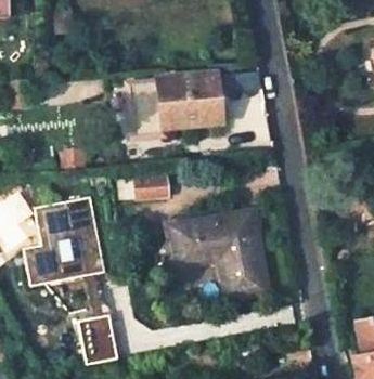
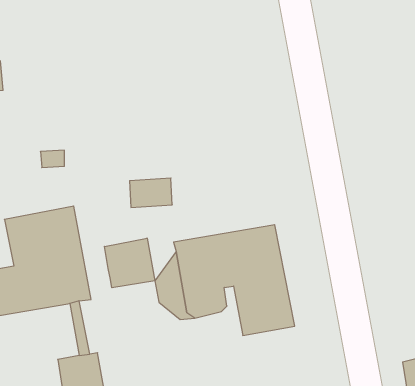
building: [130,74,224,140] -> none
building: none -> [104,238,155,288]

